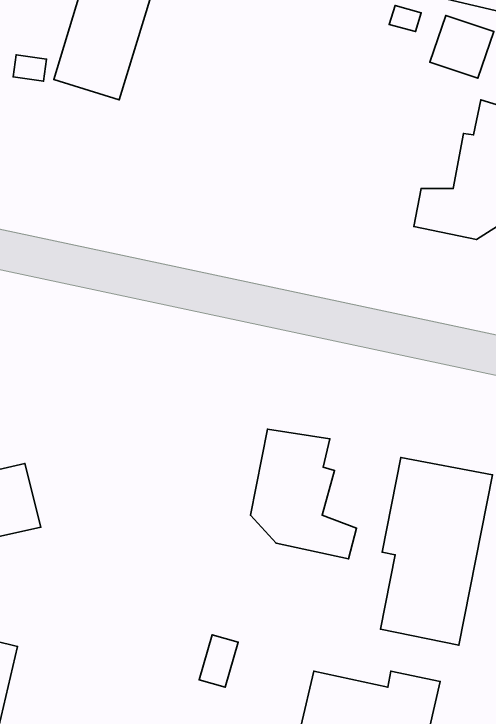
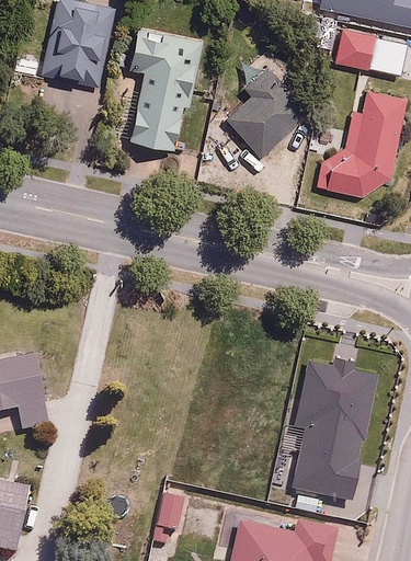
building: none -> [128,24,199,148]
building: none -> [224,66,309,160]
building: [251,429,356,559] -> none

